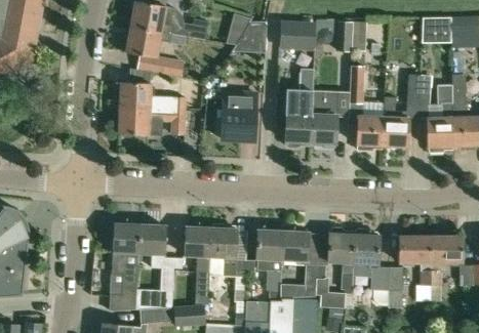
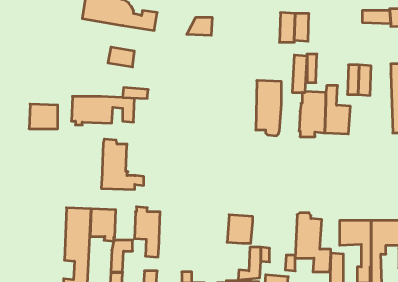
building: [277,19,314,49] -> none
building: [125,27,172,57] -> none
building: [285,69,314,148] -> none
building: [120,82,150,108] -> [29,104,58,129]
building: [429,84,453,152] -> none
building: [215,92,255,139] -> none
building: [209,223,253,276] -> [101,139,144,189]
building: [327,227,354,262] -> none
building: [256,230,283,291] -> none

